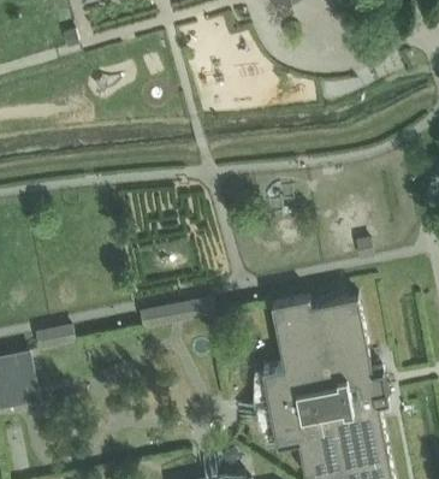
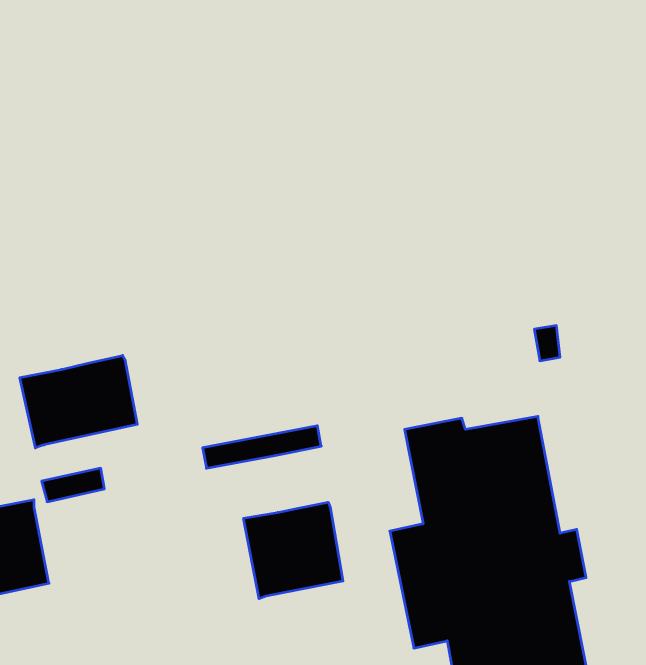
building: none -> [20,355,137,448]
building: none -> [244,502,343,599]

